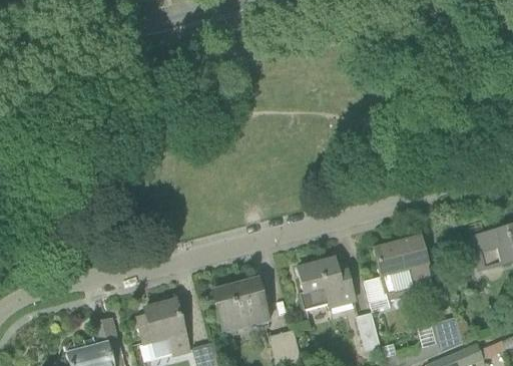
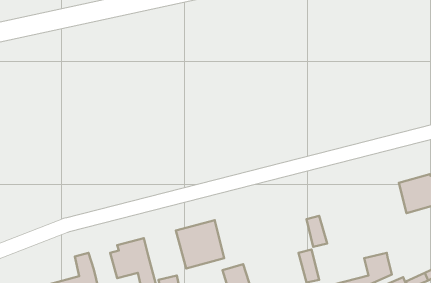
building: [374,236,434,299] -> none
building: [297,258,356,309] -> none

